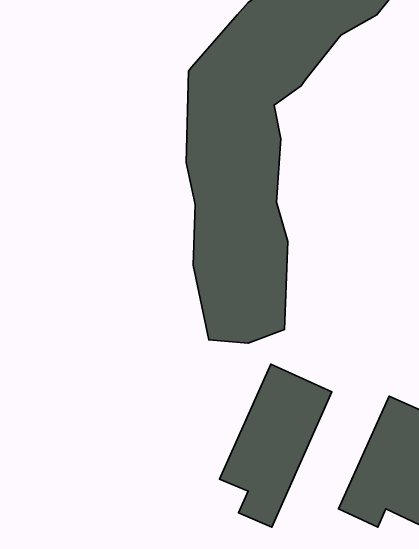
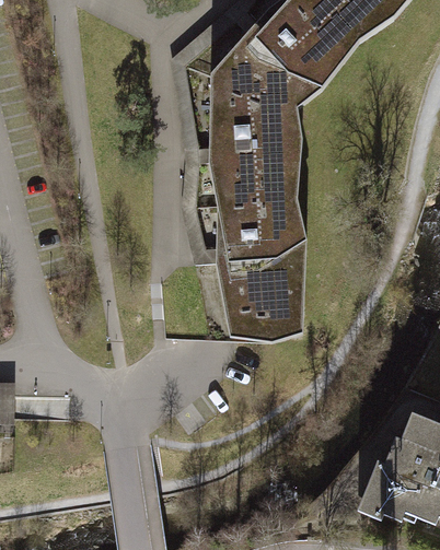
building: [219,364,332,527] -> none

